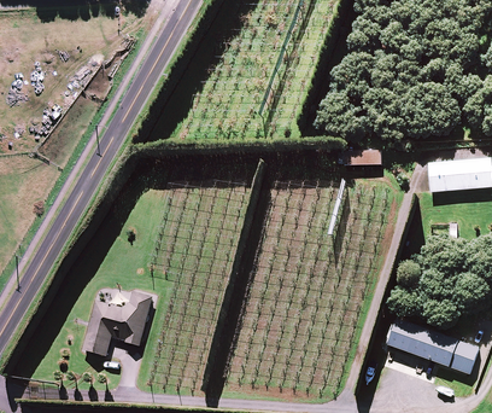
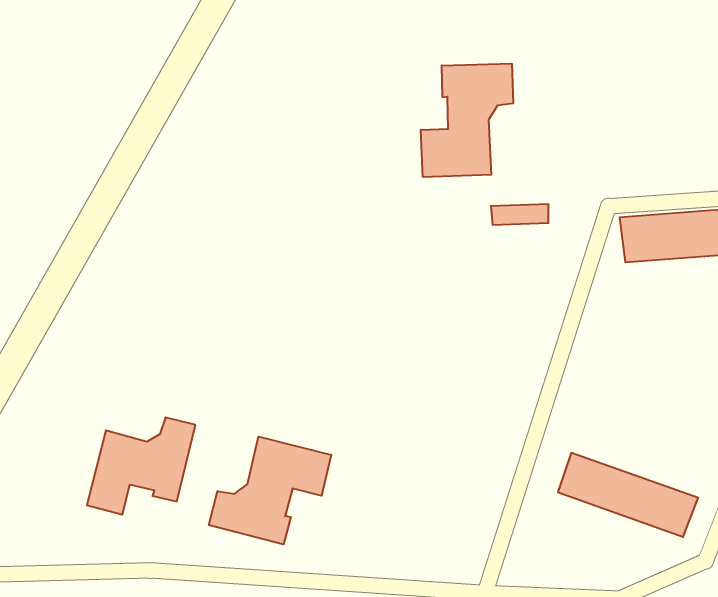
building: none -> [421,64,513,177]
building: none -> [209,437,331,544]

